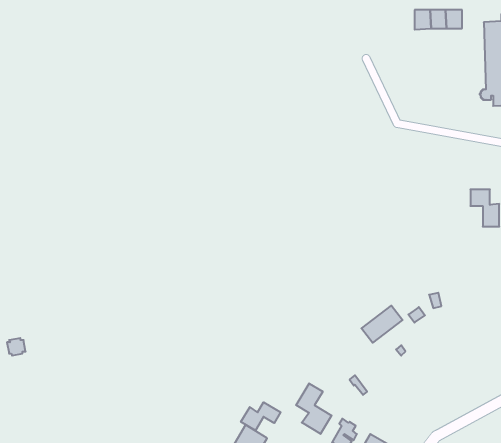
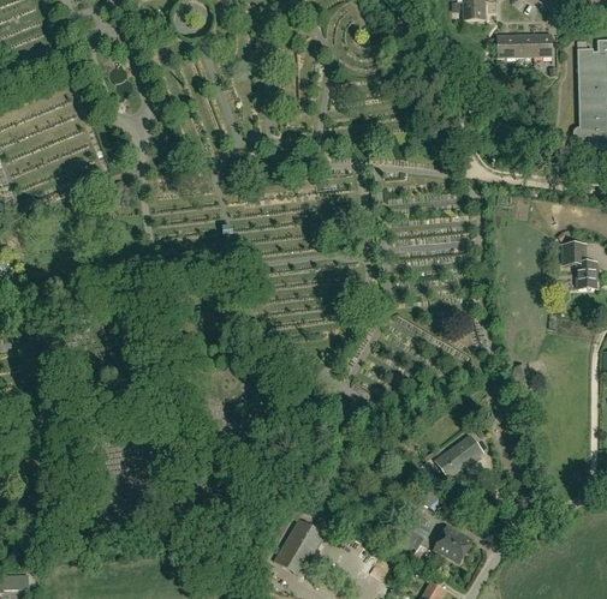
building: [361,306,403,343] -> [435,433,483,477]
building: [296,383,332,434] -> none
building: [241,402,281,430] -> none

